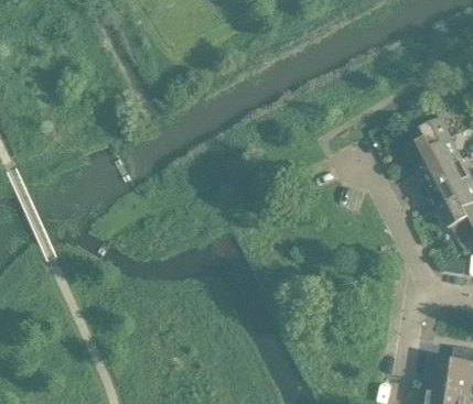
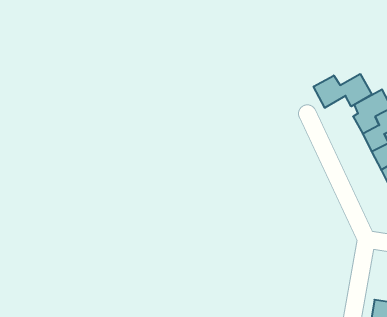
building: none -> [314,74,372,108]

